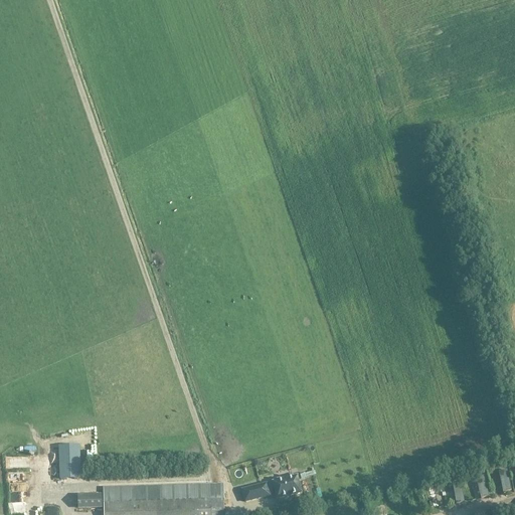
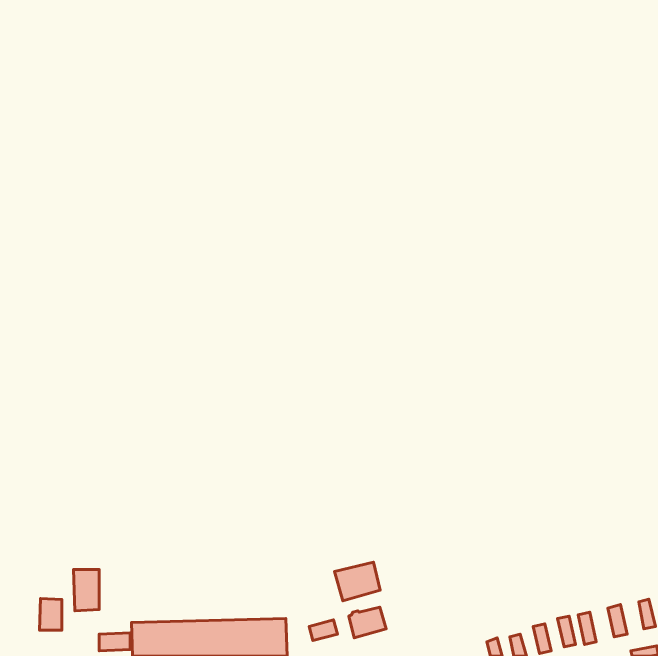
building: none -> [335,562,380,601]
building: none -> [39,599,62,630]

